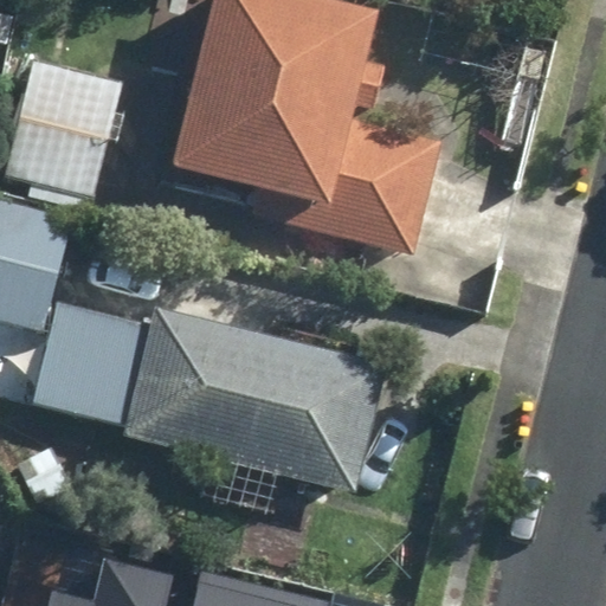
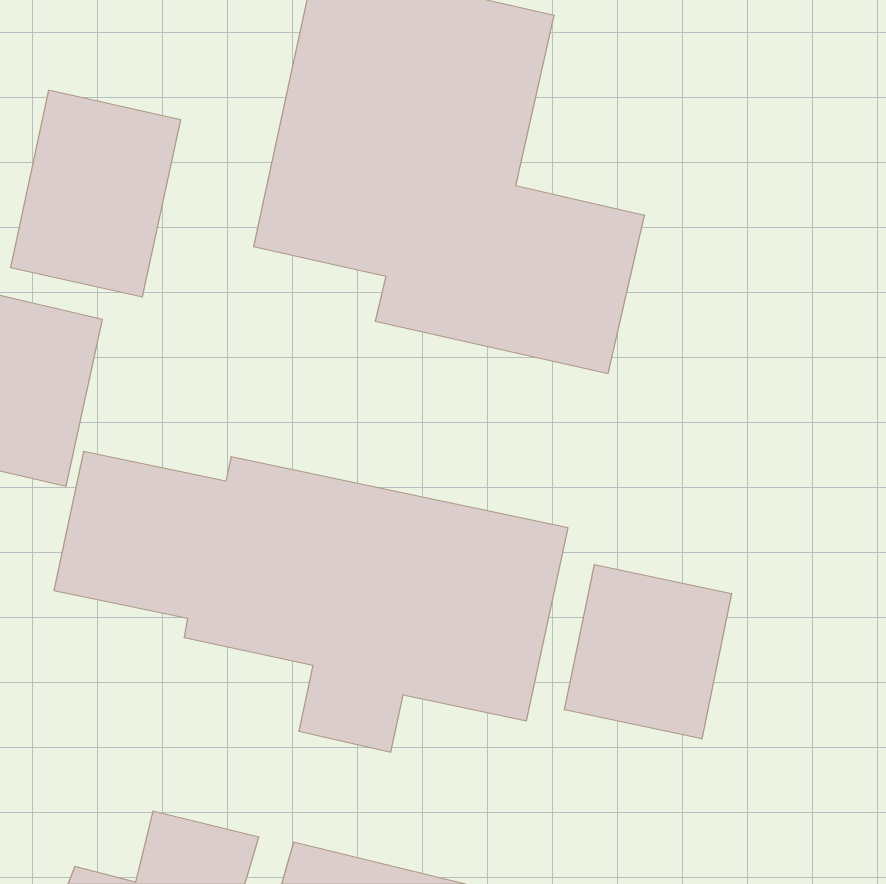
building: none -> [564,564,732,739]

